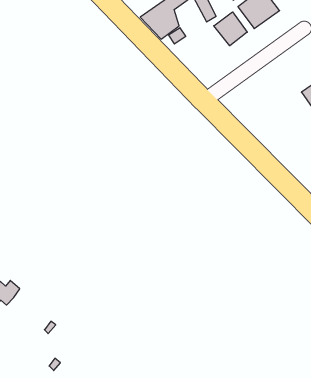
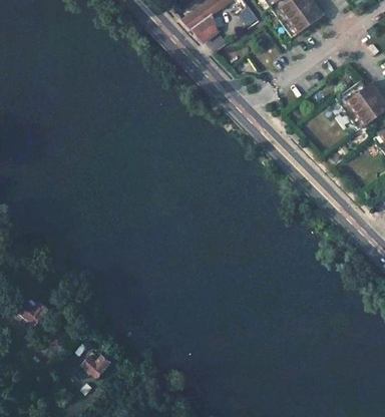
building: [214,12,247,46] -> none
building: none -> [78,354,109,379]

